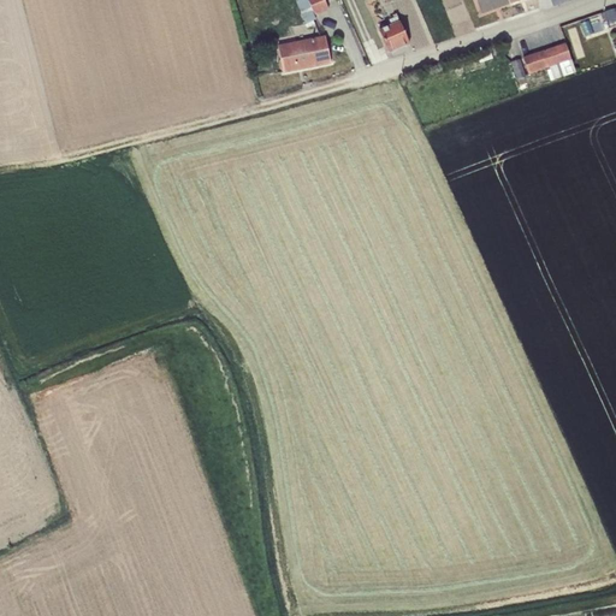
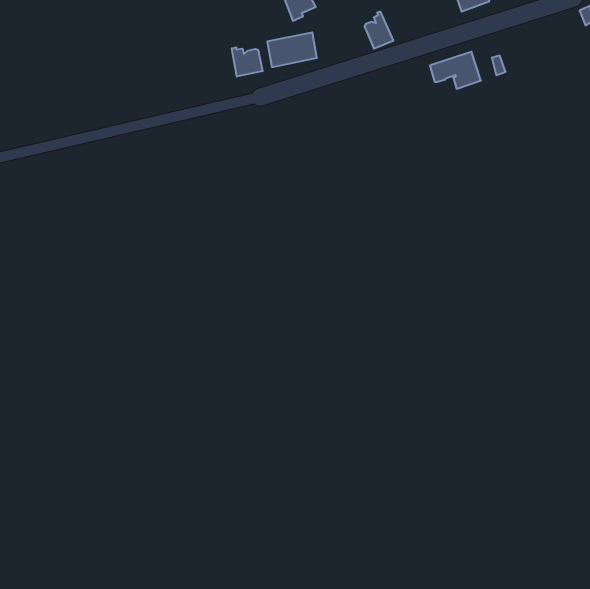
building: [523,41,576,79] -> [430,52,481,89]
building: none -> [232,47,263,77]

